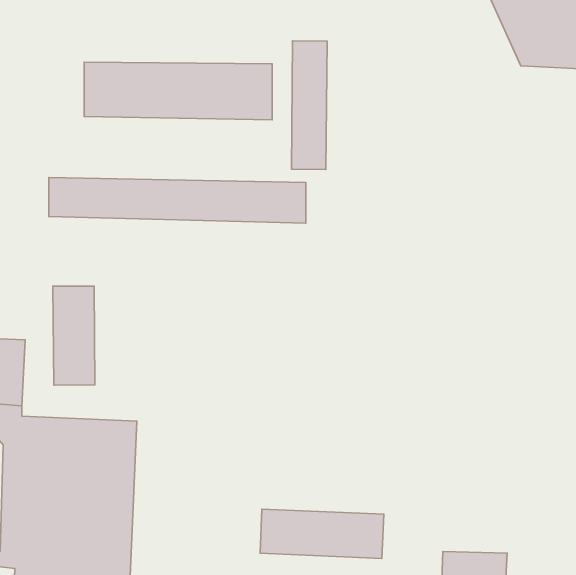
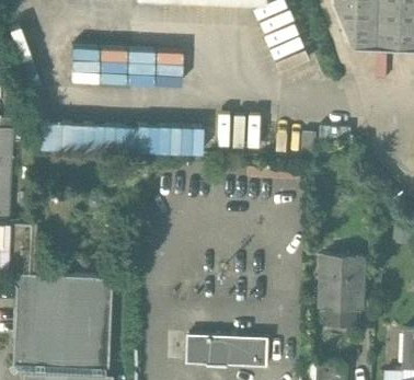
building: [291,41,327,170] -> none
building: [53,286,95,385] -> none
building: none -> [321,258,363,325]

